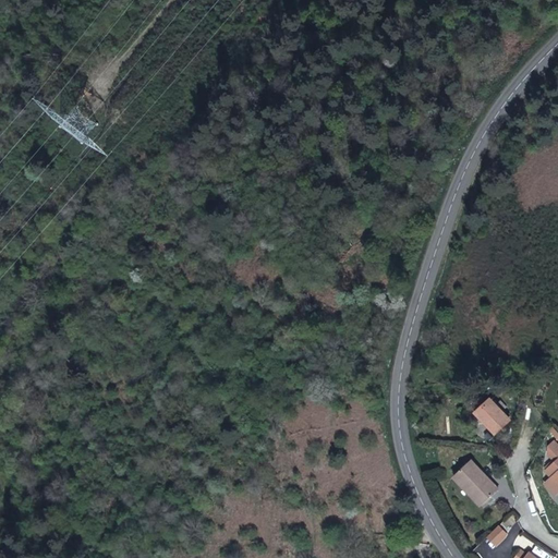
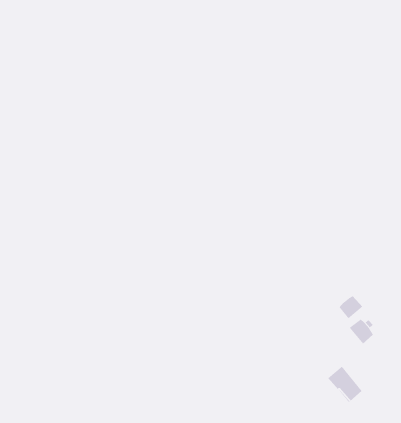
building: none -> [339,295,363,319]

